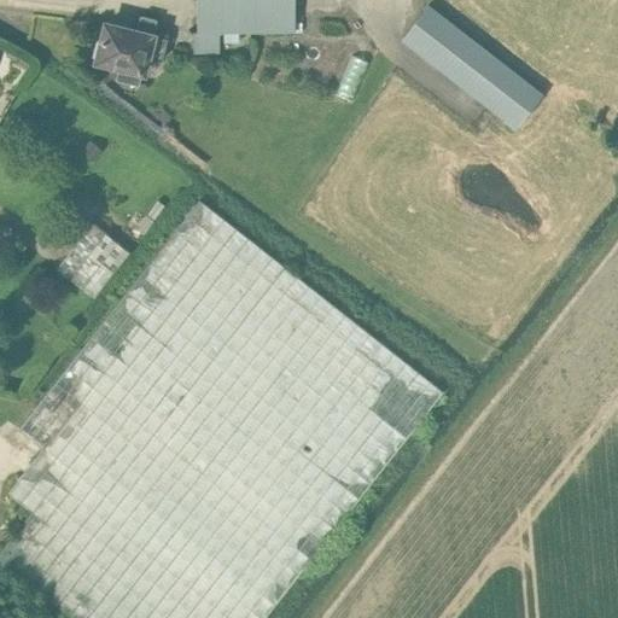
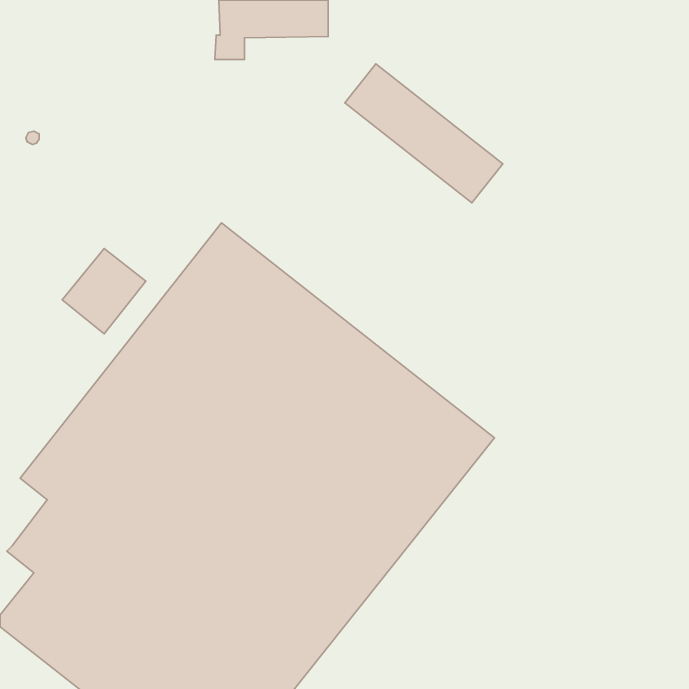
building: [402,6,543,130] -> [345,64,503,203]
building: [92,17,169,87] -> none

